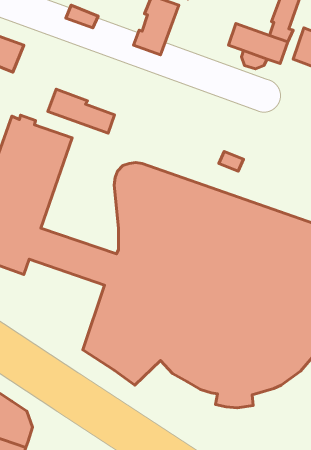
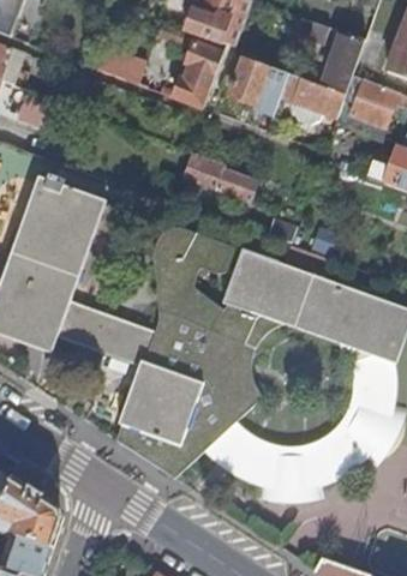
building: none -> [227,53,287,118]
building: [48,89,114,133] -> [181,150,256,199]

